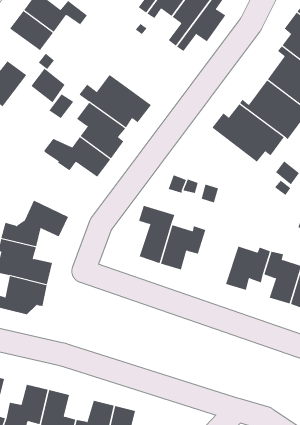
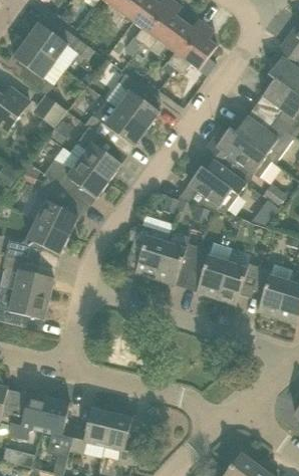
building: none -> [106,72,160,129]
building: none -> [189,150,247,205]
building: none -> [34,174,79,234]
building: none -> [192,246,229,297]

